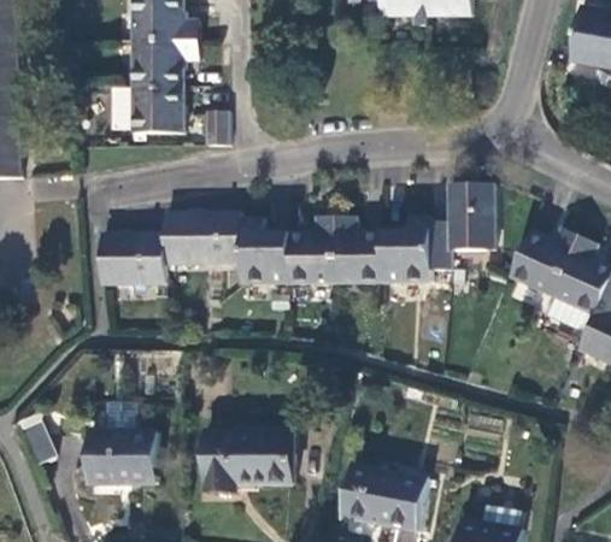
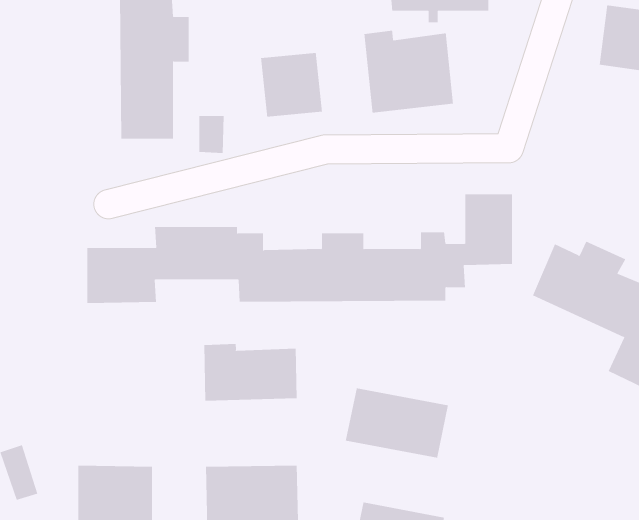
building: none -> [364,30,454,114]
building: none -> [261,52,322,117]
building: none -> [204,343,297,401]
building: none -> [345,388,449,459]

